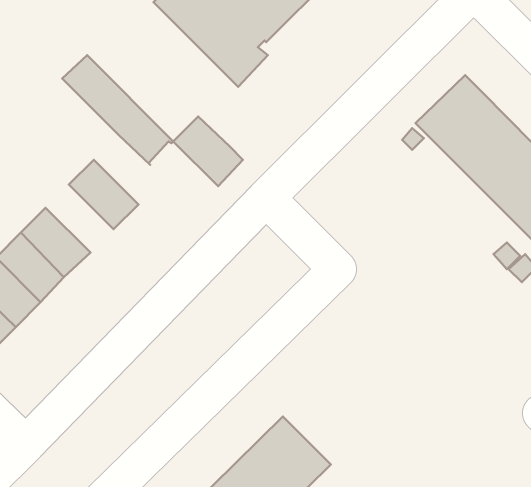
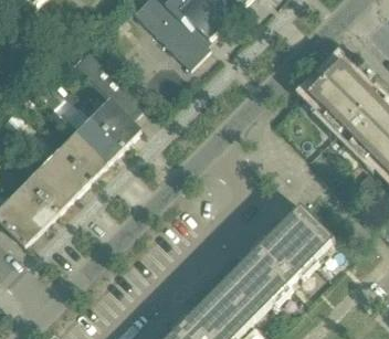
building: [173,117,243,186] -> [94,98,140,145]
building: none -> [62,131,107,177]
building: none -> [220,204,333,318]

